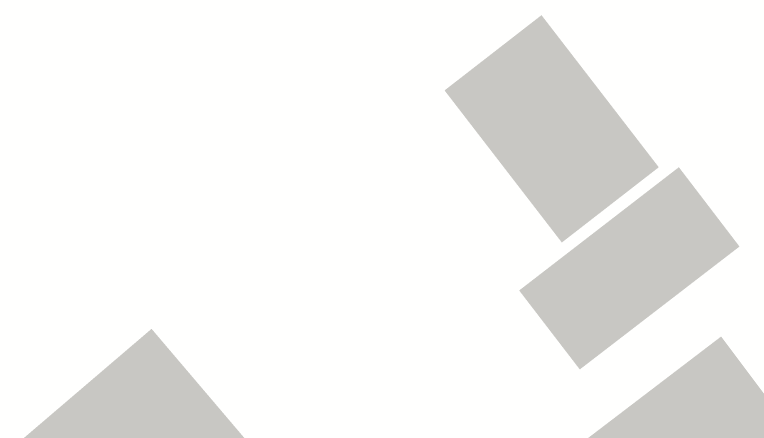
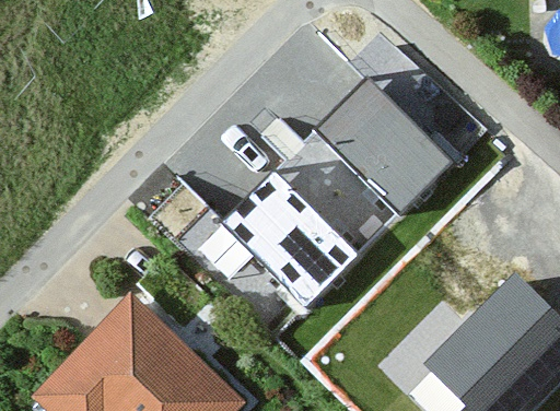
building: none -> [215,153,372,307]
building: [518,166,741,371] -> none

